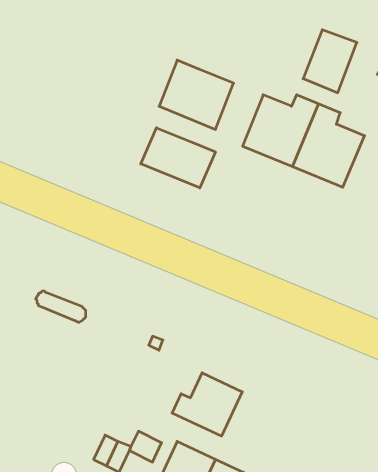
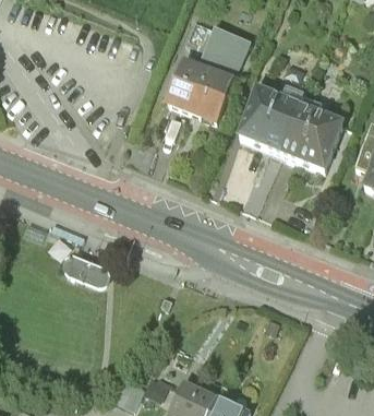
building: [303,30,357,93] -> [202,27,248,81]
building: [141,128,215,188] -> none
building: [172,373,242,436] -> none

